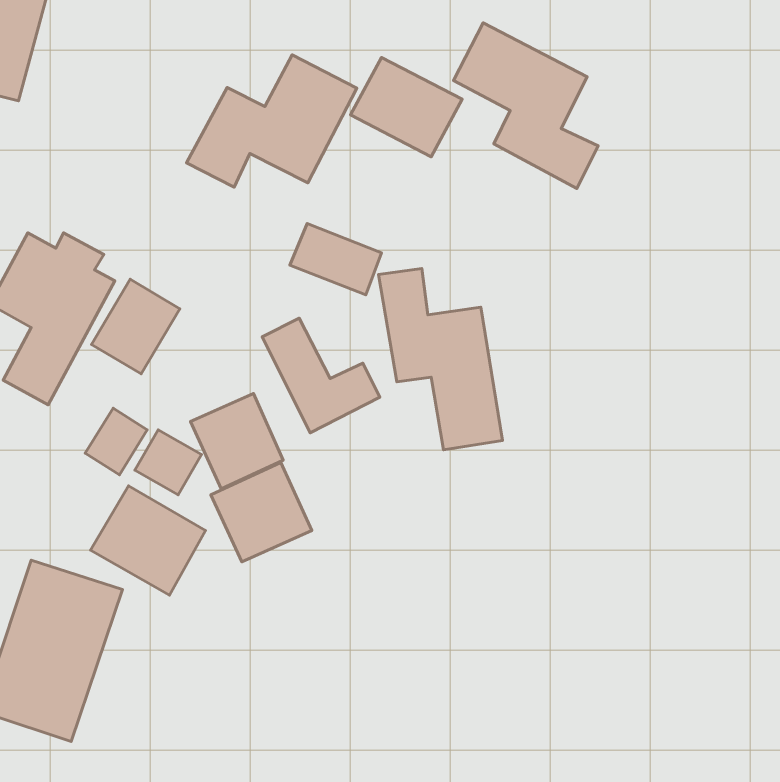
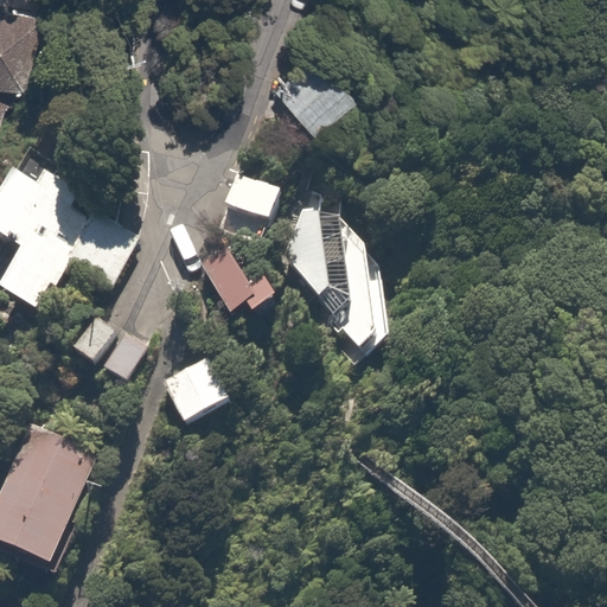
building: [454,23,598,189] -> none
building: [186,55,357,187] -> none
building: [191,394,283,489] -> none
building: [91,486,206,595] -> none

